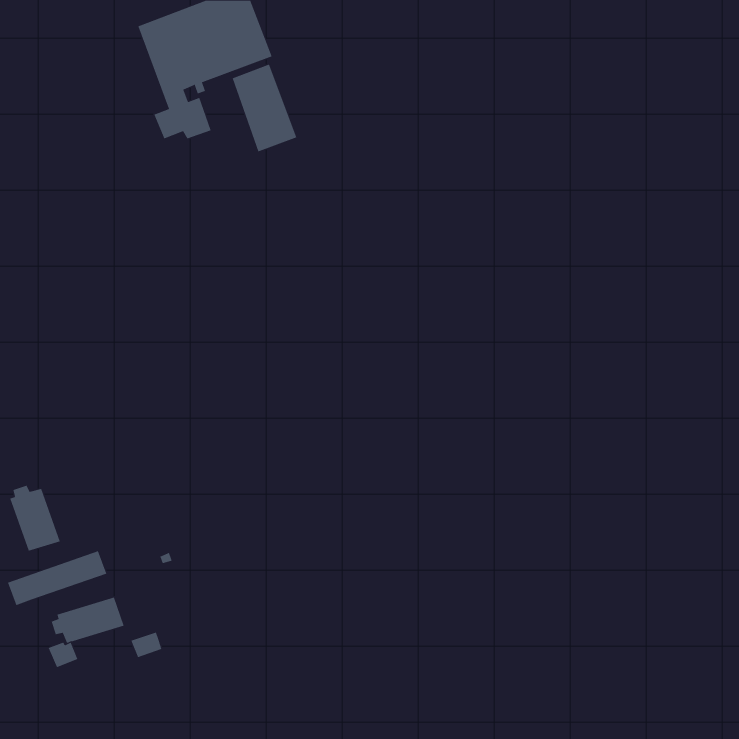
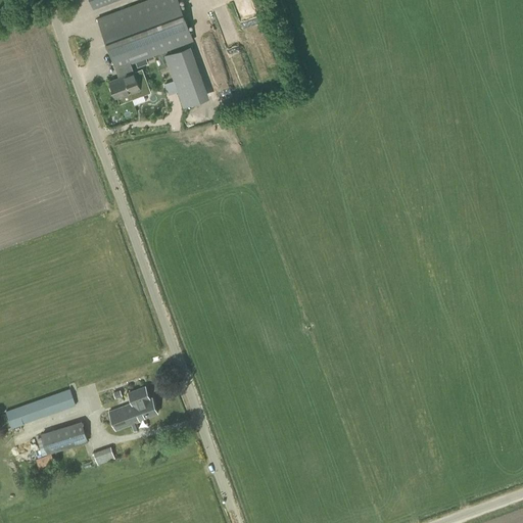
building: [10,485,60,552] -> none
building: none -> [108,386,157,431]

